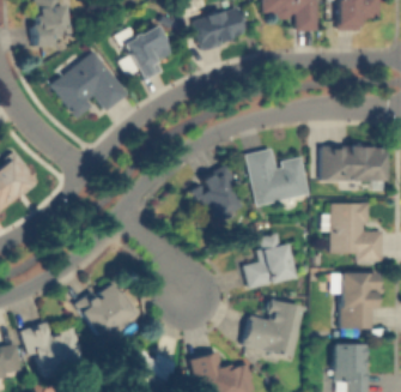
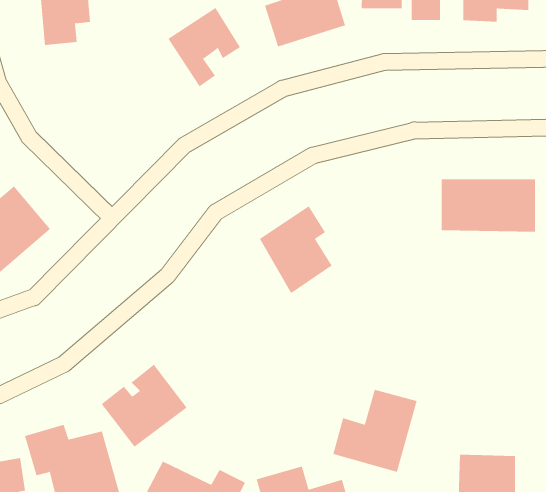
building: [48,49,128,122] -> none
building: [245,147,309,204] -> none
building: [318,203,387,264] -> none
building: [245,233,297,291] -> none
building: [341,273,384,328] -> none

